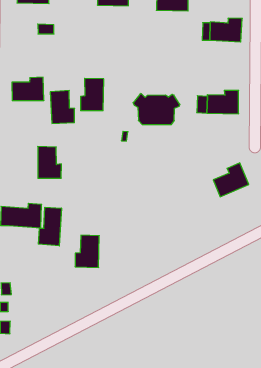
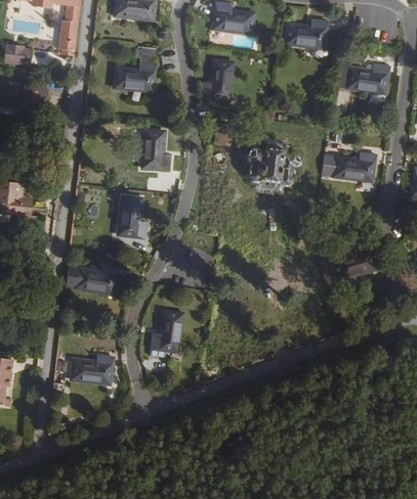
building: [12,77,44,101] -> [114,62,155,92]
building: [81,78,104,111] -> [202,59,235,101]
building: [38,207,61,246] -> none
building: none -> [71,354,113,384]

